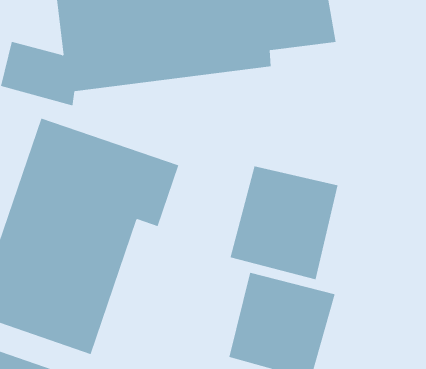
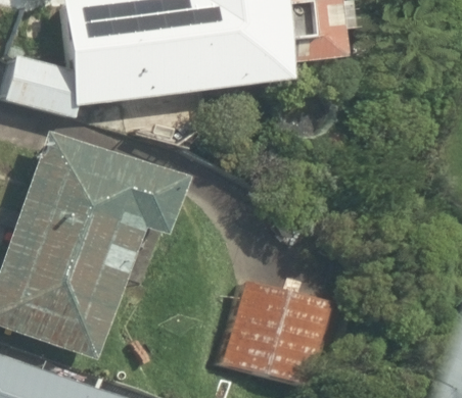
building: [230,166,338,280] -> none

